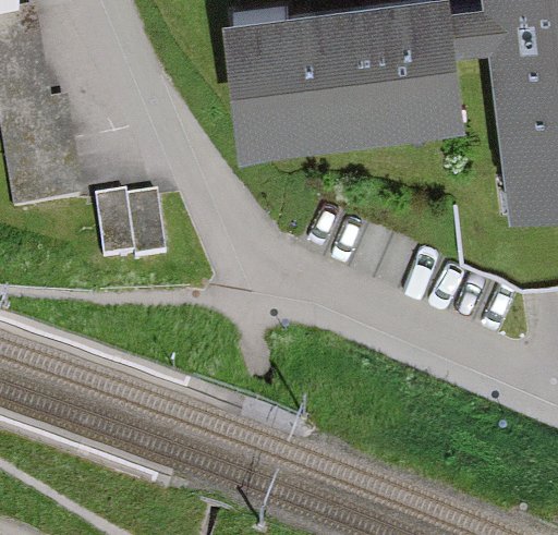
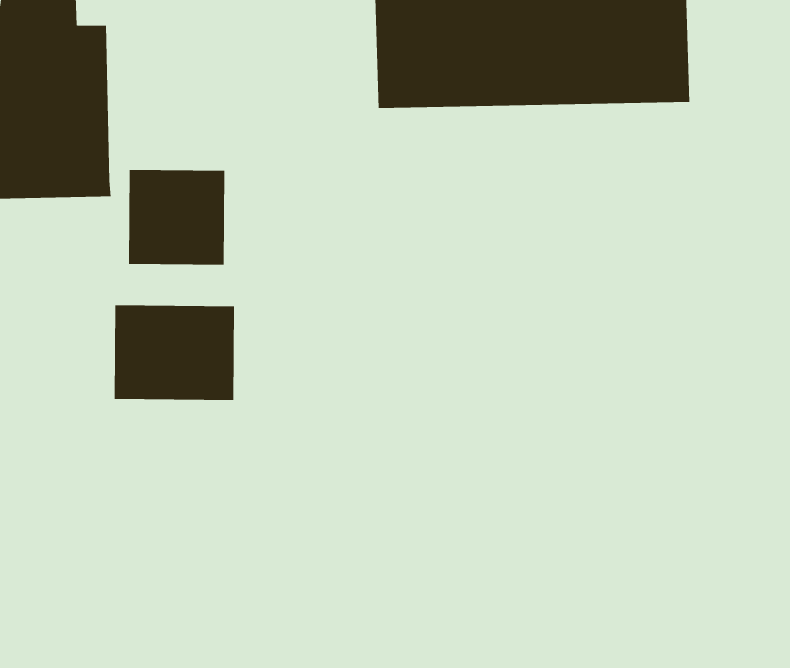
building: none -> [114,305,235,401]

